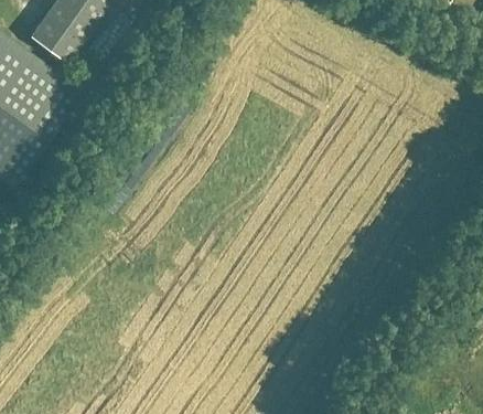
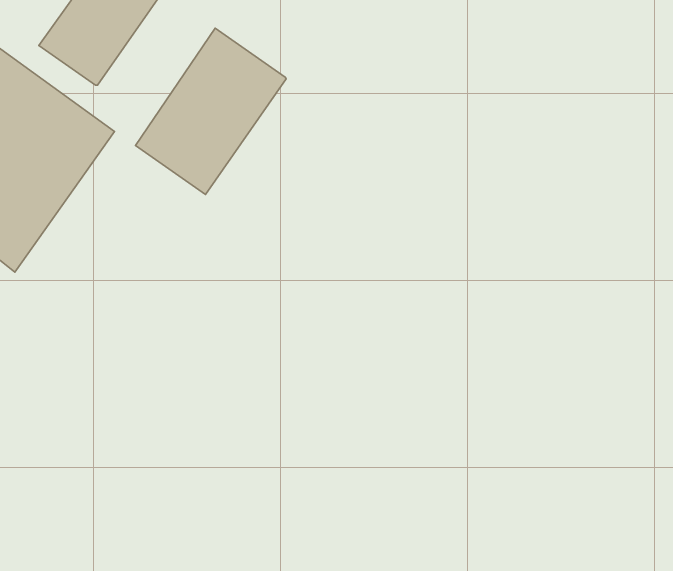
building: none -> [135,28,286,195]

